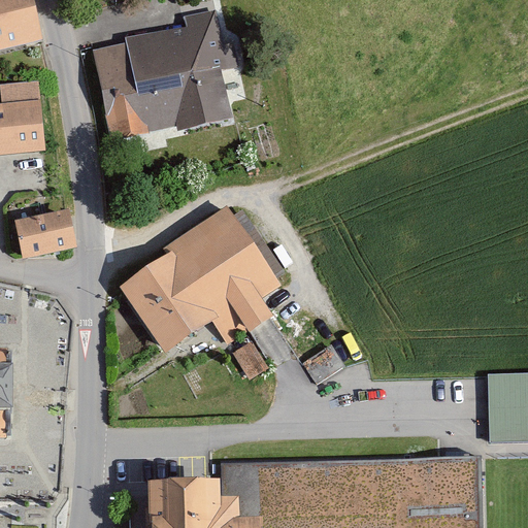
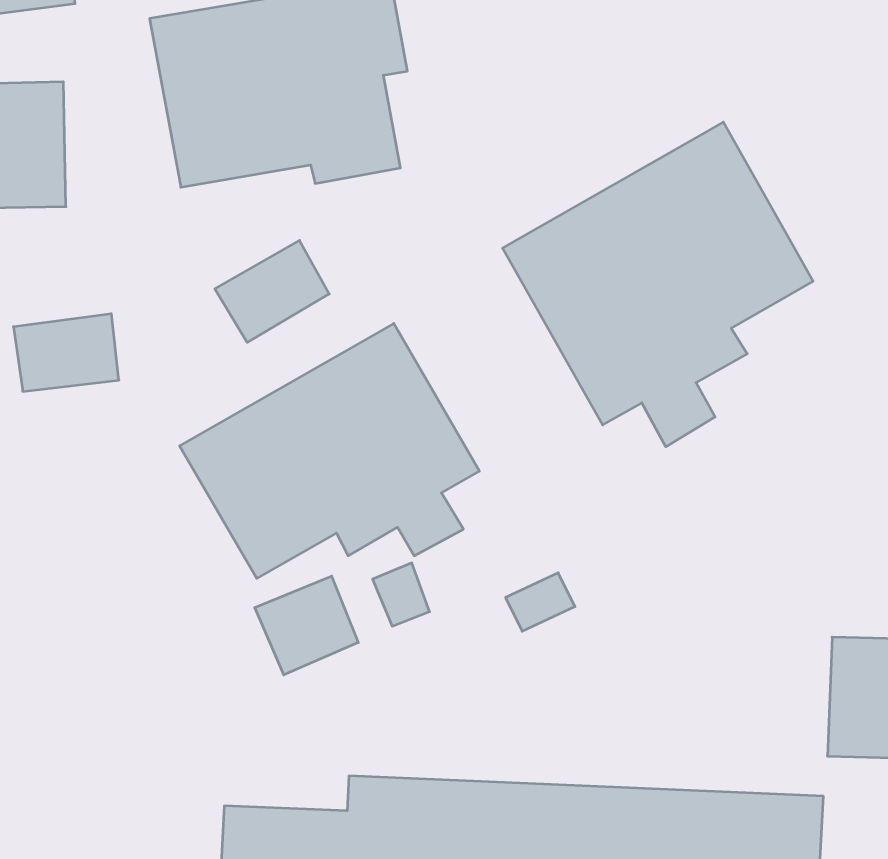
building: none -> [503,122,813,447]
building: none -> [215,240,329,342]
building: none -> [255,576,358,675]

